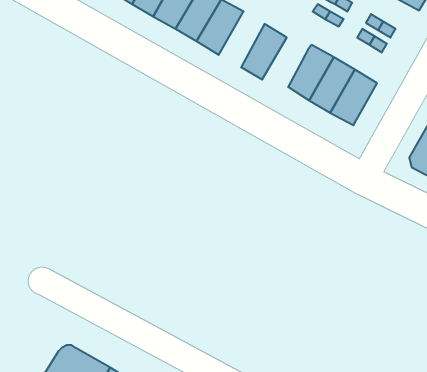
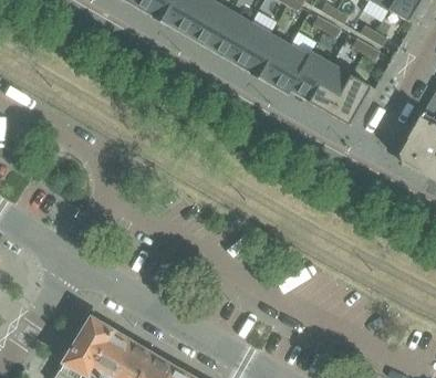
building: none -> [228,22,269,72]
building: none -> [267,45,308,94]

